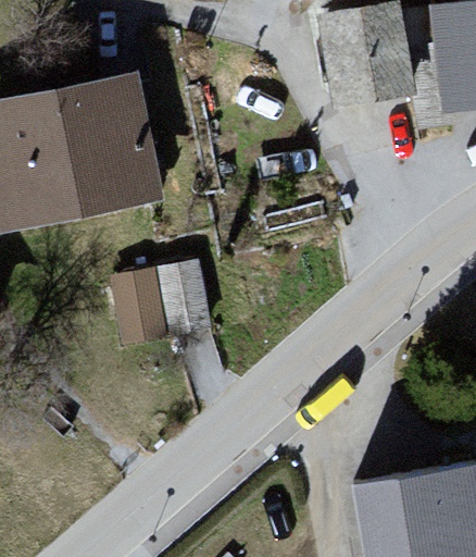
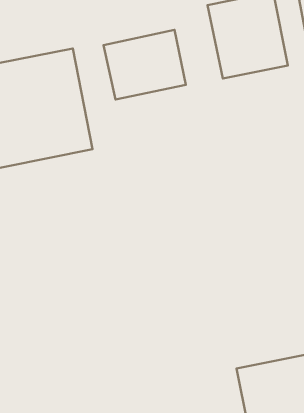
building: none -> [103,30,186,99]
building: [103,248,211,338] -> none

